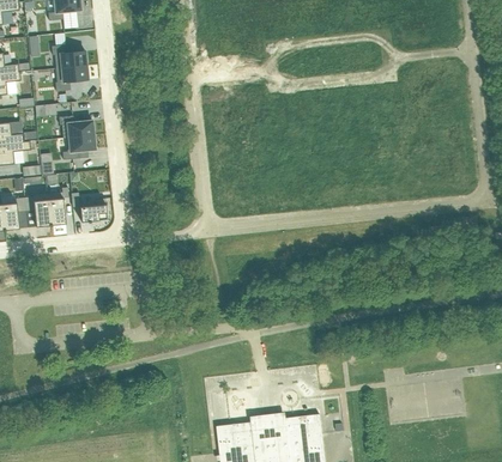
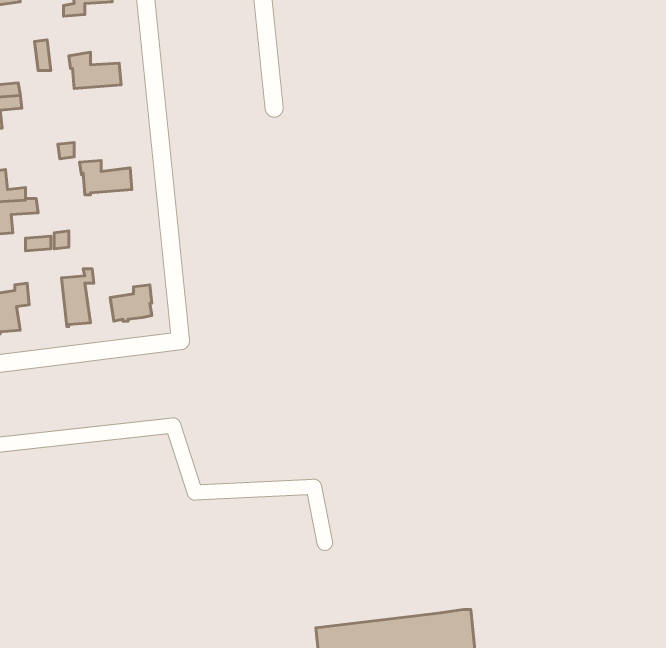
building: [55,66,87,92] -> none
building: [62,135,95,160] -> none
building: [24,194,50,227] -> none

